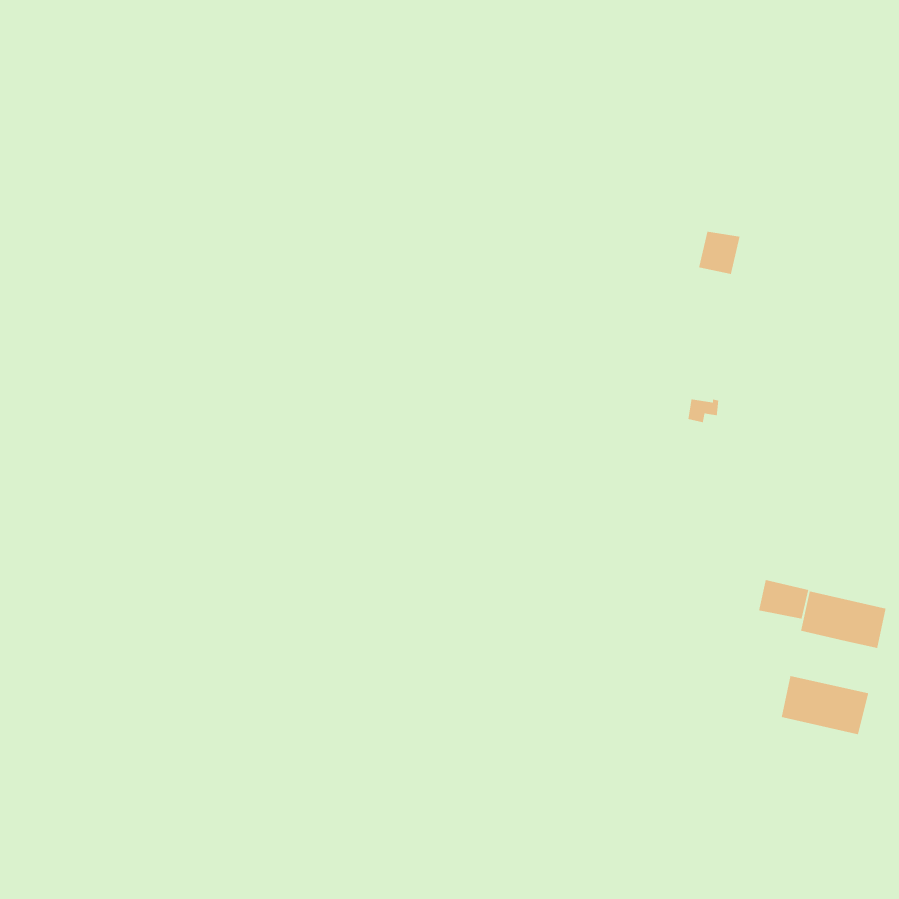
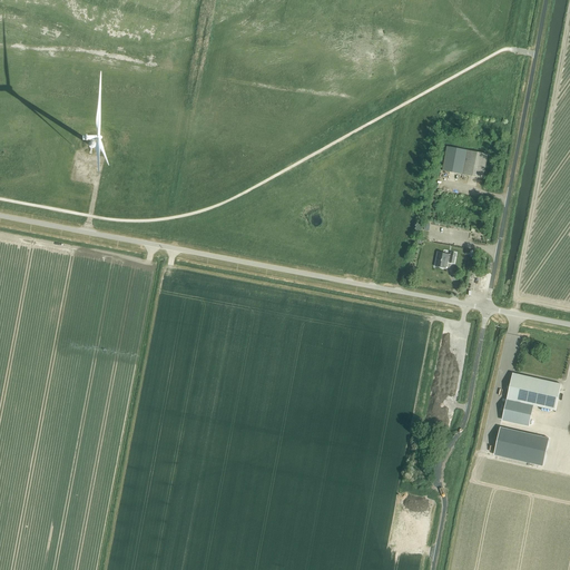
building: none -> [462,149,485,177]
building: [758,579,809,620] -> [501,399,533,424]

